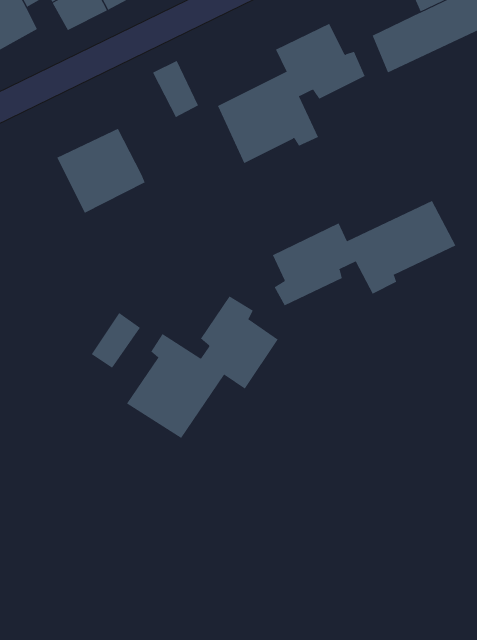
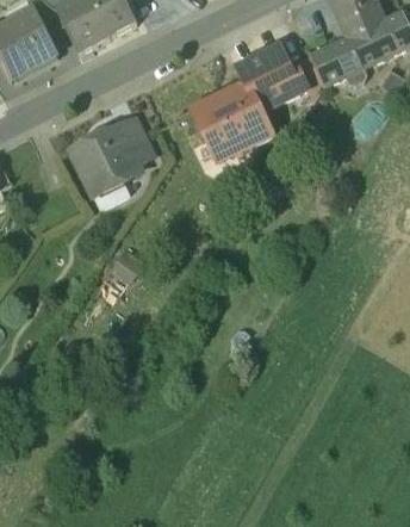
building: [152,60,199,118] -> [119,117,155,161]
building: [272,200,456,306] -> none
building: [126,295,279,439] -> none

